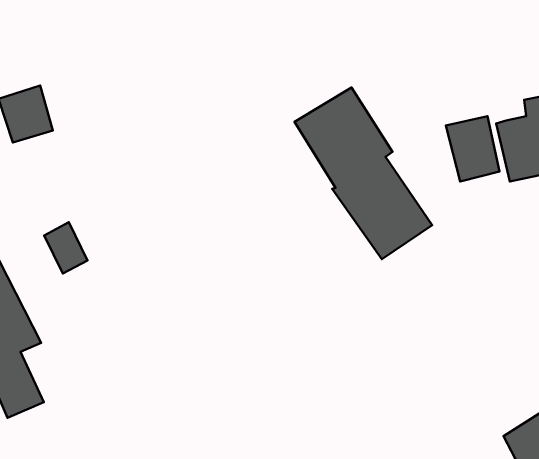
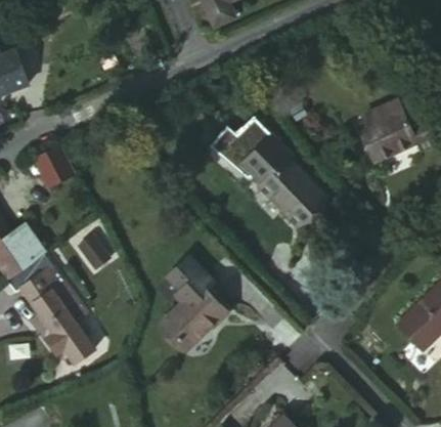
building: [446,116,500,182] -> none
building: none -> [159,248,226,349]

